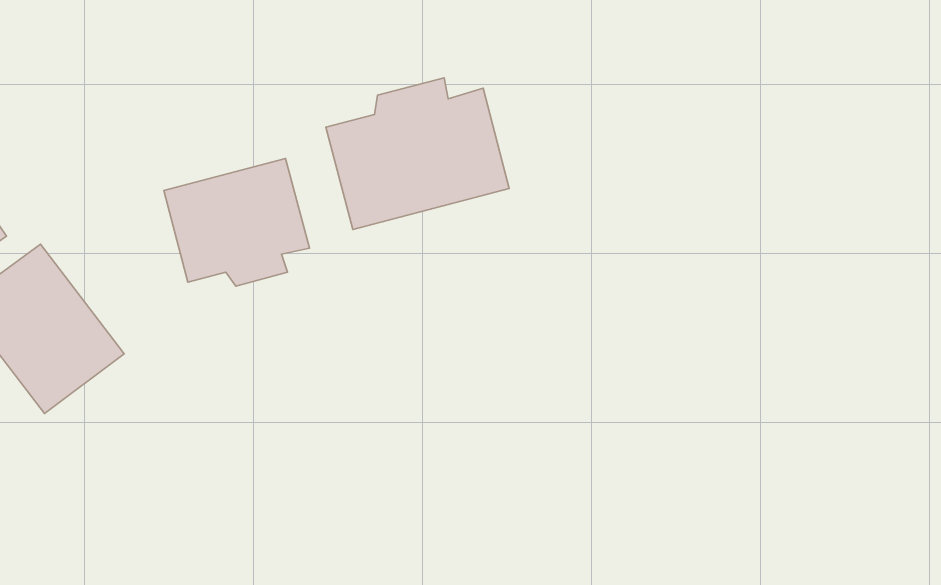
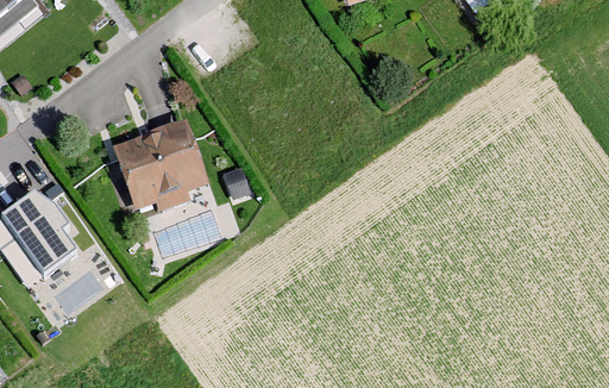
building: [326,78,509,230] -> none

